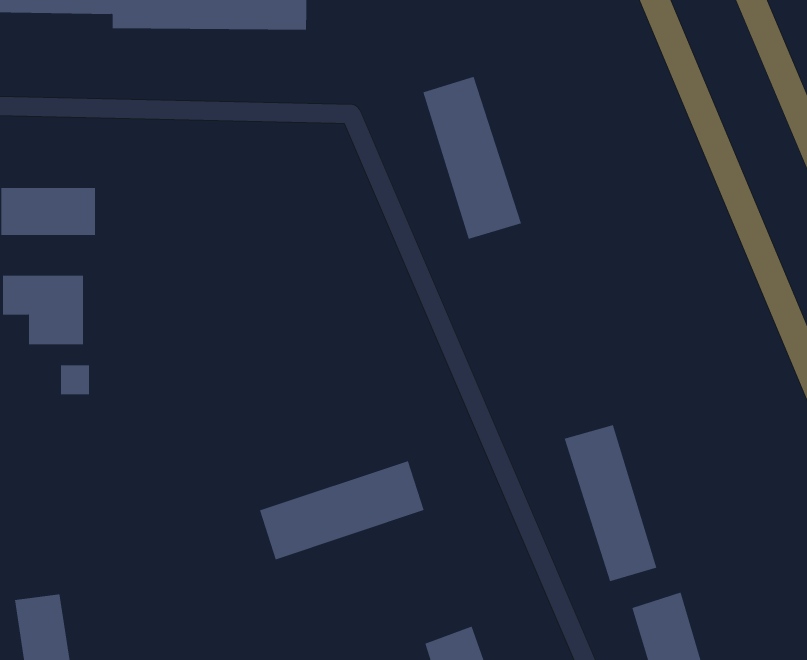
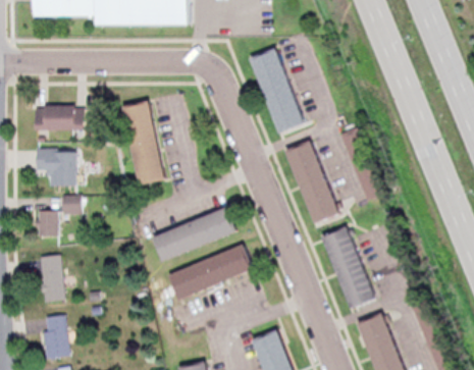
building: none -> [121,102,162,184]
building: none -> [284,142,336,223]
building: none -> [151,209,233,260]
building: none -> [39,211,60,235]
building: none -> [41,256,66,302]

